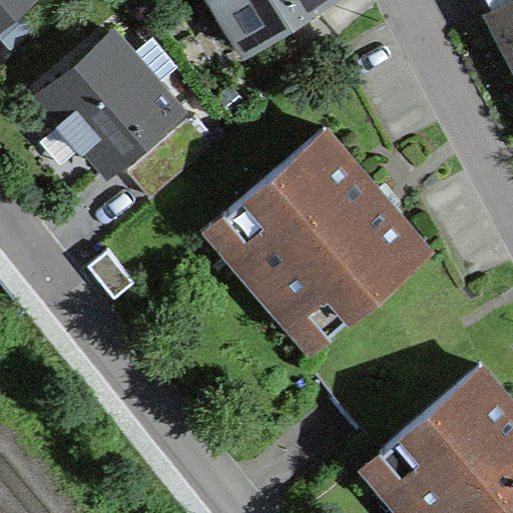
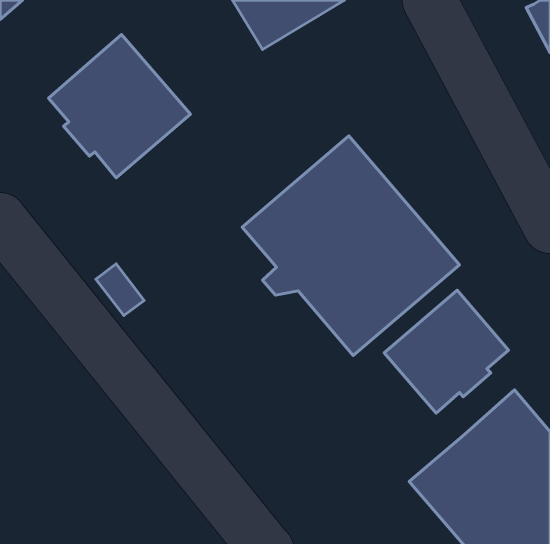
building: none -> [384,290,509,413]

